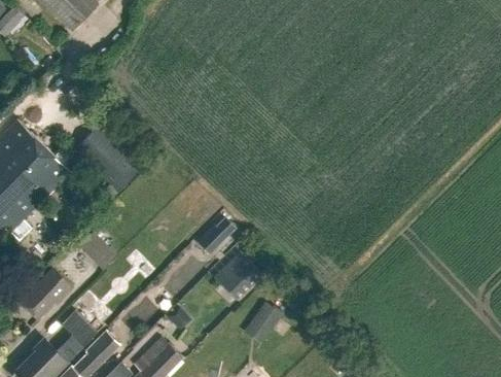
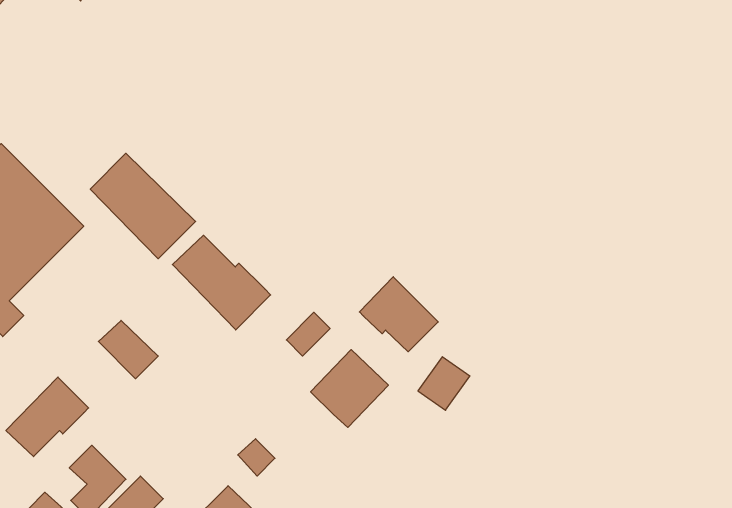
building: none -> [172,235,271,330]
building: none -> [359,277,438,352]
building: [250,302,283,336] -> [418,357,470,410]

